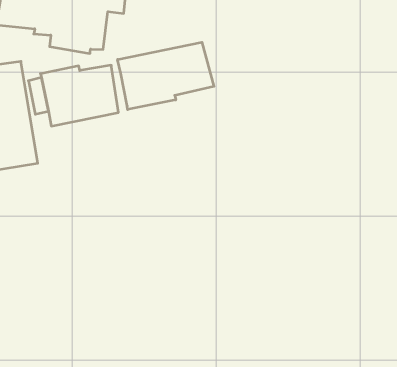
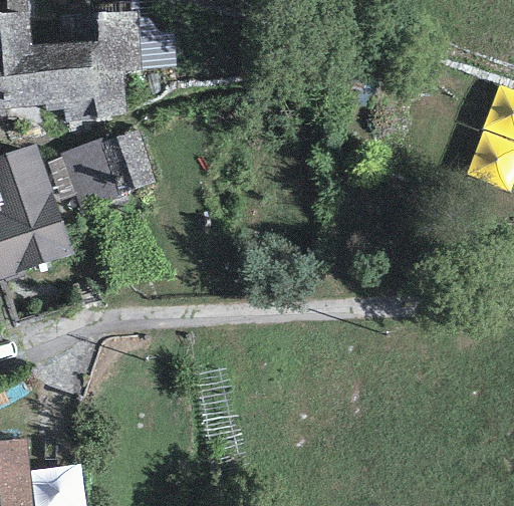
building: [118,42,214,110] -> none

